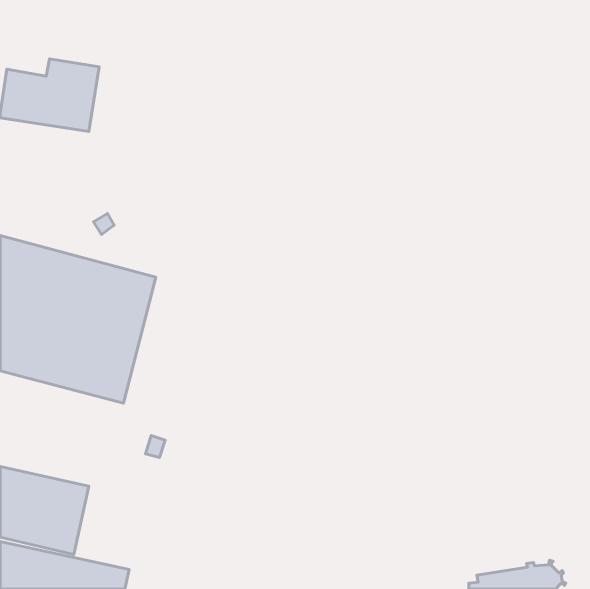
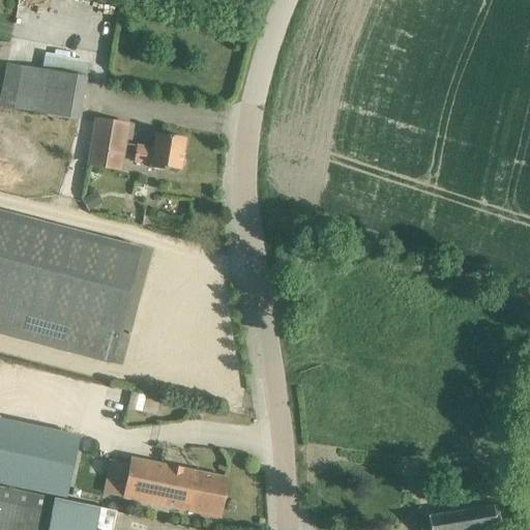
building: none -> [86,117,130,171]
building: none -> [136,134,186,170]
building: none -> [97,453,228,518]

